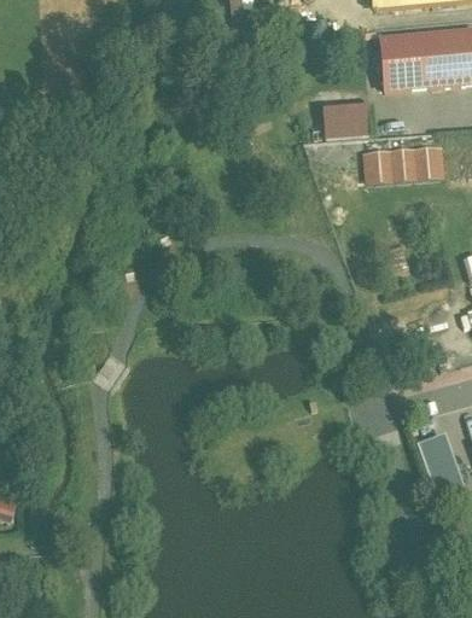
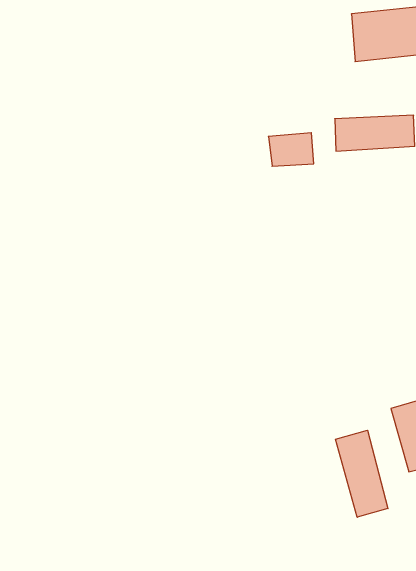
building: [322,104,368,138] -> [268,133,314,166]
building: none -> [336,430,388,517]

